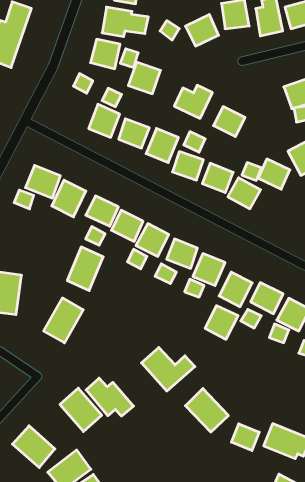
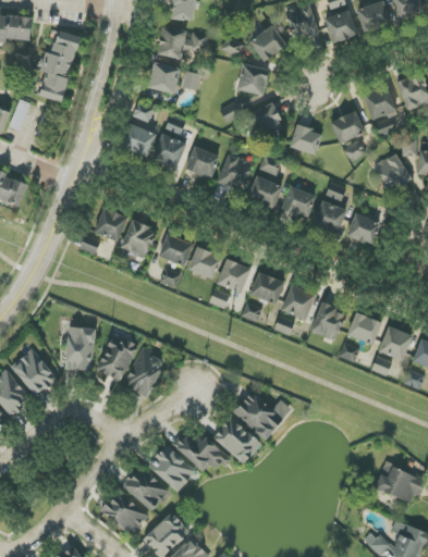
building: [128,62,161,94] -> [235,63,269,96]
building: none -> [122,125,155,156]
building: none -> [329,110,365,144]
building: [258,159,290,189] -> [346,213,380,245]
building: [67,247,103,291] -> [98,334,135,381]
building: [205,306,238,339] -> none
building: [185,388,228,432] -> [212,417,260,463]
building: none -> [123,468,169,510]
building: [231,424,259,451] -> none

